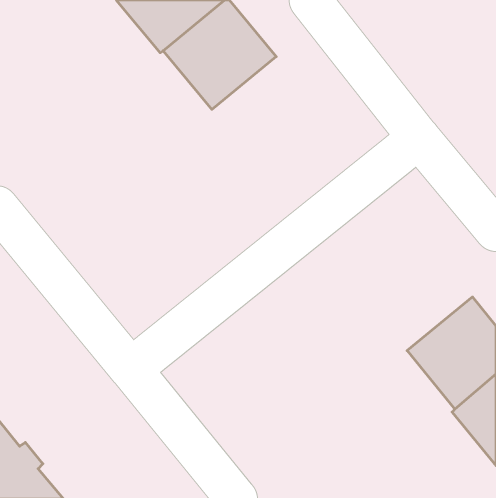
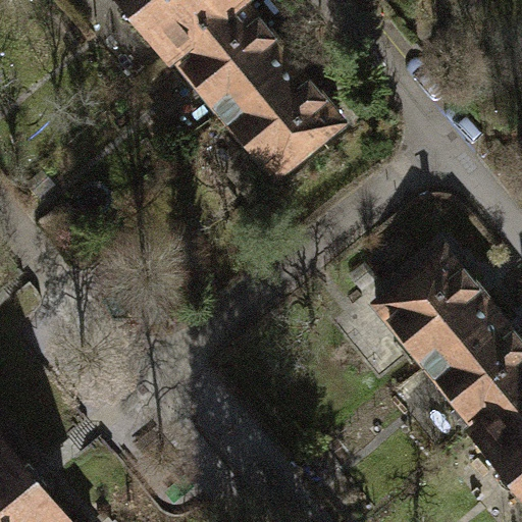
building: none -> [221,60,340,177]
building: none -> [373,249,493,367]

